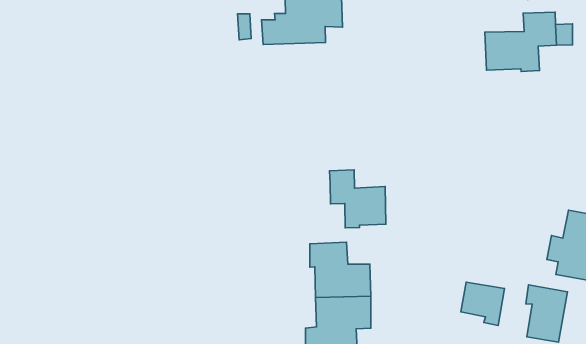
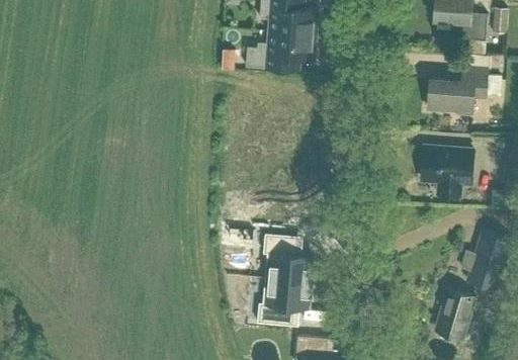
building: none -> [422,146,473,195]
building: [329,170,386,228] -> none
building: [461,282,505,325] -> none

